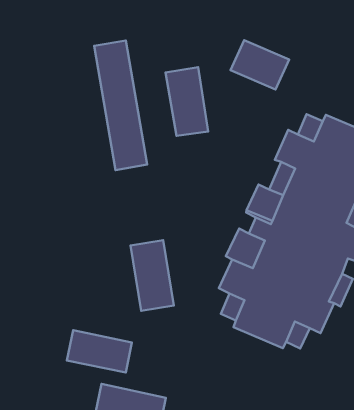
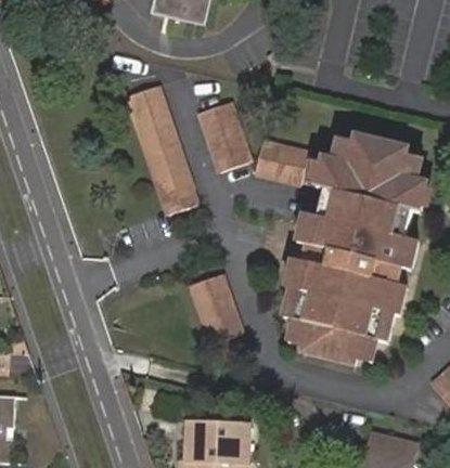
building: [231,40,289,89] -> [255,143,309,185]
building: [67,330,132,373] -> none

